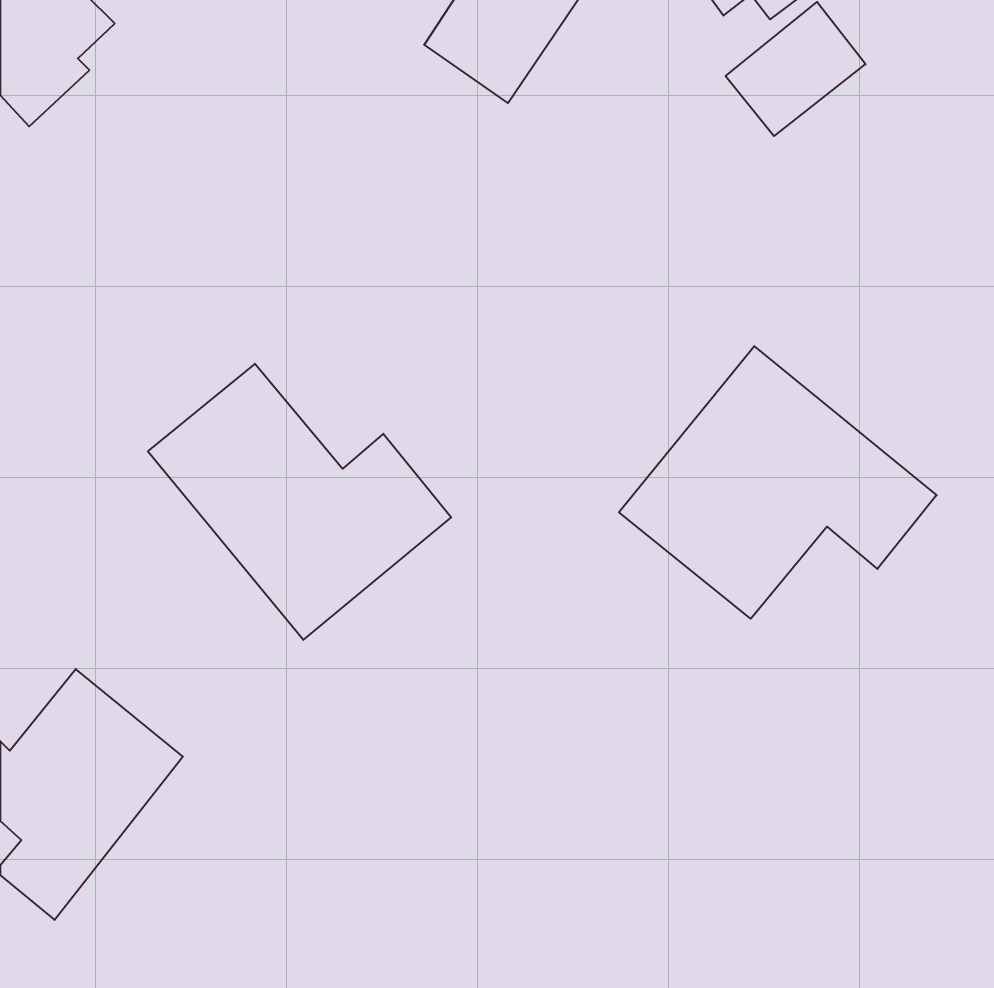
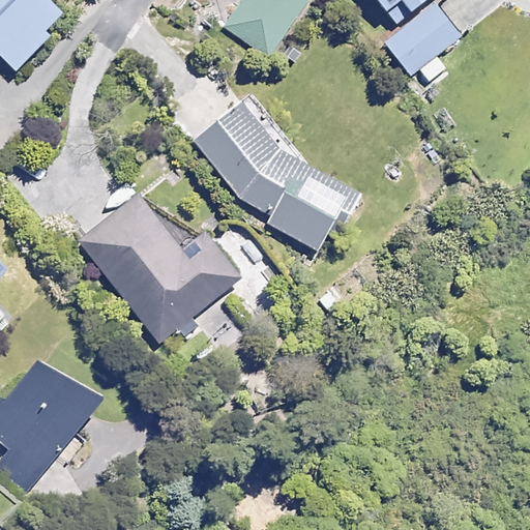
building: none -> [195,101,355,257]
building: [619,346,937,619] -> none

